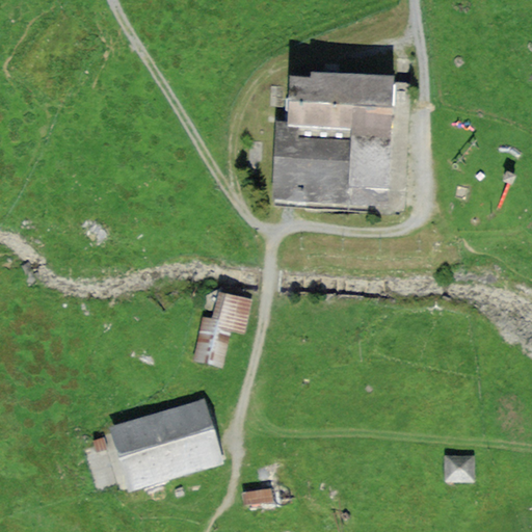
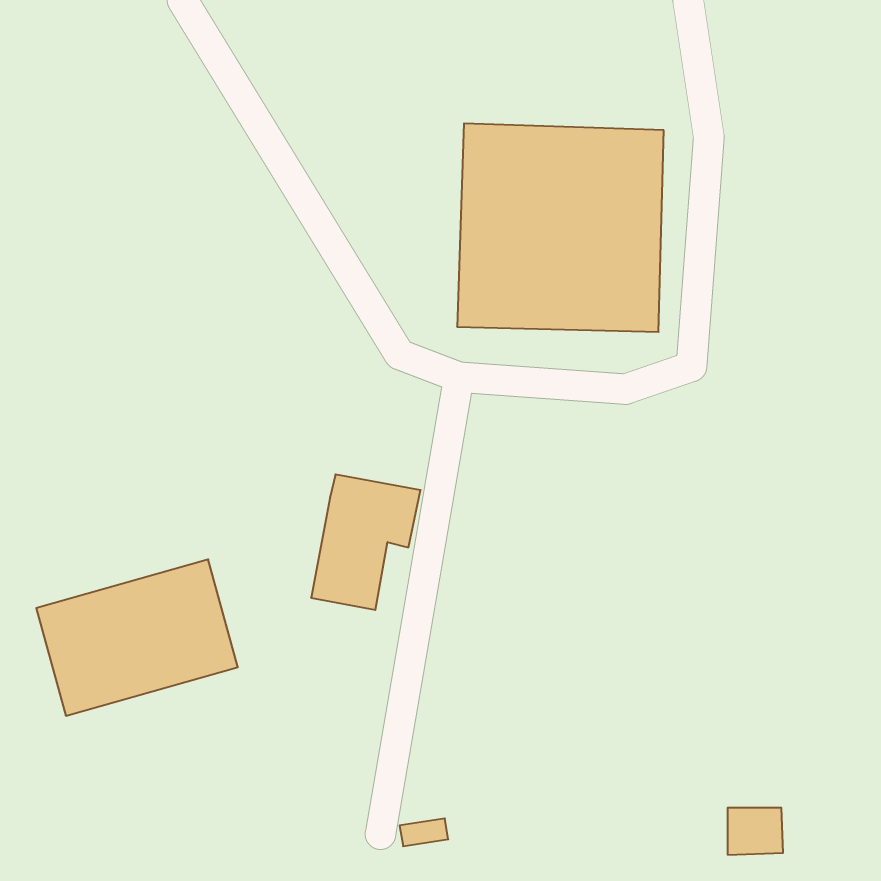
building: [104,397,224,490] -> [36,559,238,716]
building: [443,452,476,480] -> [728,808,783,855]

